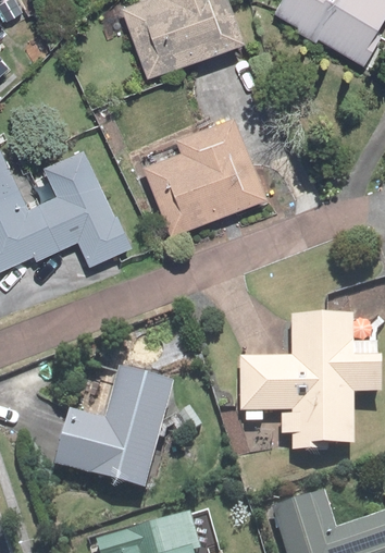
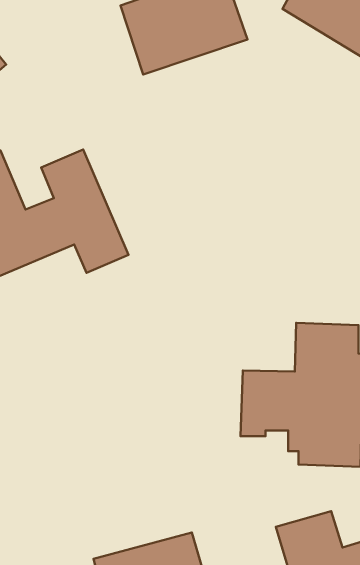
building: [144,108,271,236] -> none
building: [54,367,177,493] -> none

